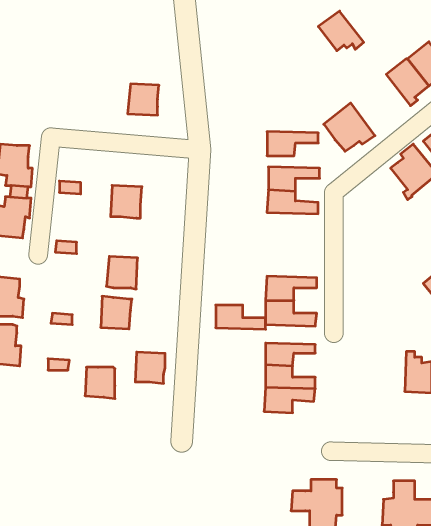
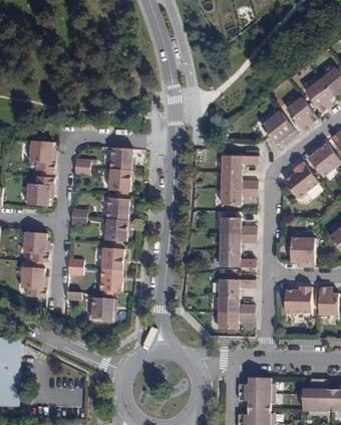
building: [318,11,364,51] -> [285,97,317,126]
building: [128,84,159,115] -> [110,148,132,170]
building: [267,132,318,156] -> [220,188,256,205]
building: none -> [284,161,318,198]
building: none -> [108,198,129,220]
building: none -> [289,240,312,266]
building: [216,305,266,329] -> [220,217,255,234]
building: none -> [286,286,312,316]
building: [135,352,165,383] -> [101,269,122,291]

